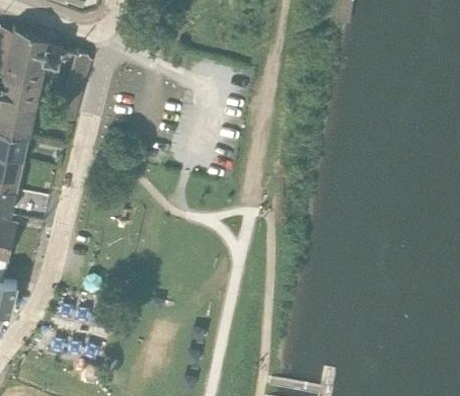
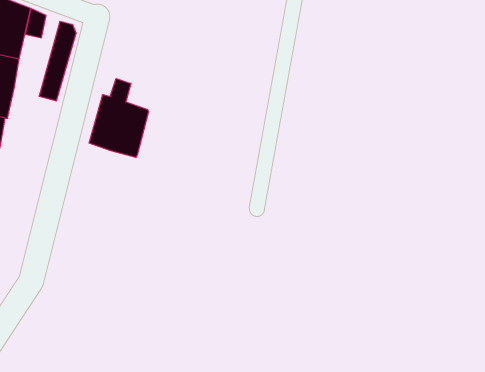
building: none -> [89,79,149,158]

